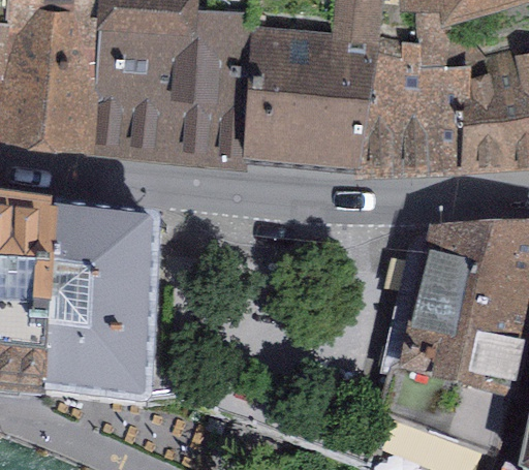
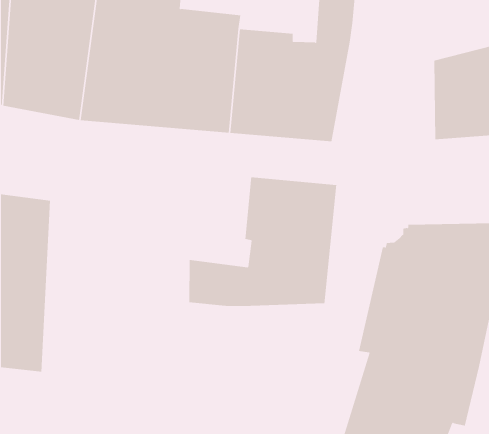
building: [355,29,465,156] -> none
building: none -> [189,177,337,307]
building: [45,219,154,412] -> none

